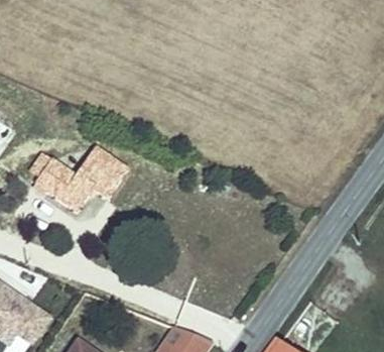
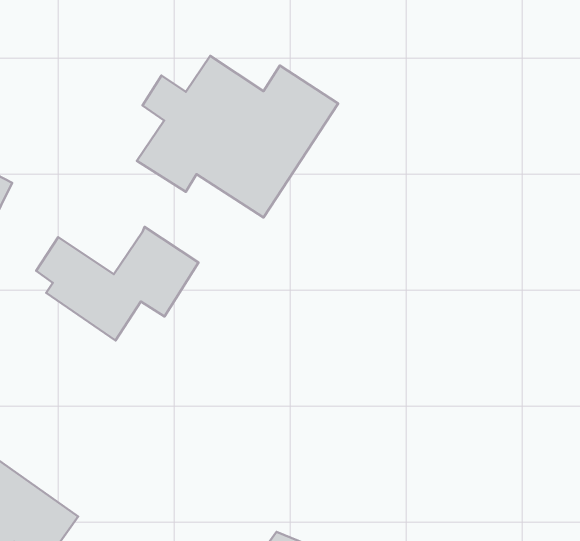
building: none -> [137,56,338,217]

